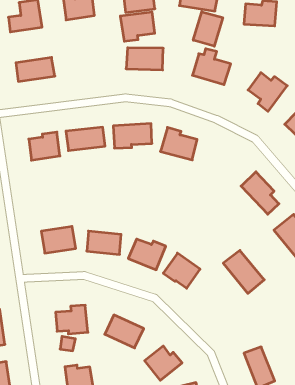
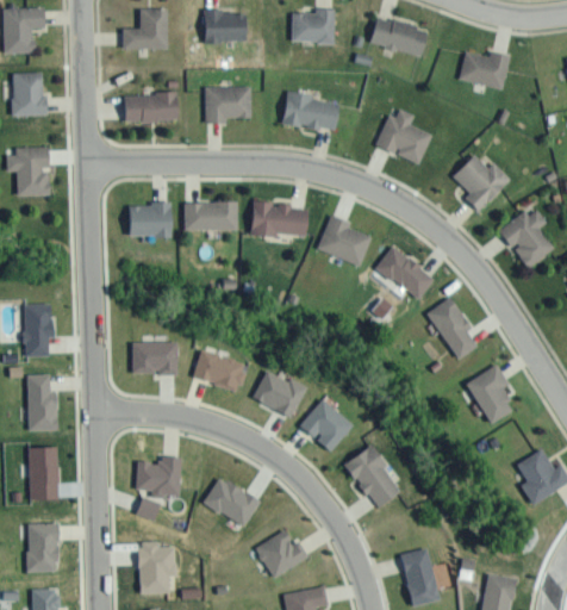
building: [193,12,223,46] -> none
building: [120,12,155,41] -> [205,87,251,124]
building: none -> [376,245,435,300]
building: [223,250,264,293] -> [345,446,401,509]

